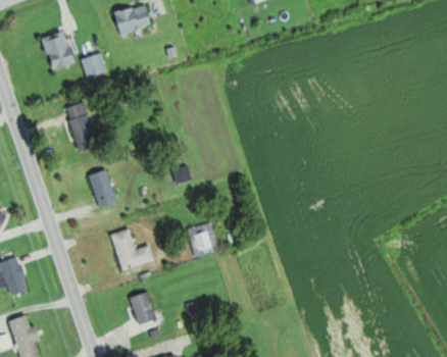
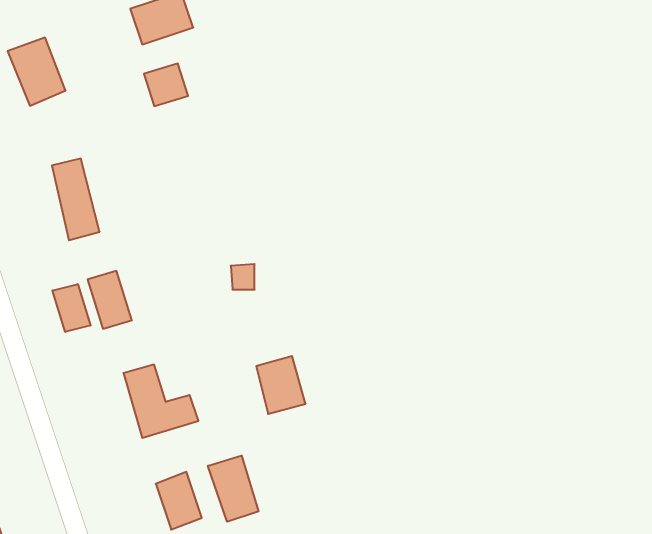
building: [80,53,106,79] -> [144,64,188,106]
building: none -> [52,284,91,332]
building: none -> [208,456,259,522]

